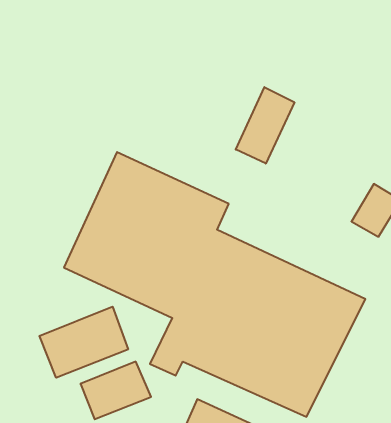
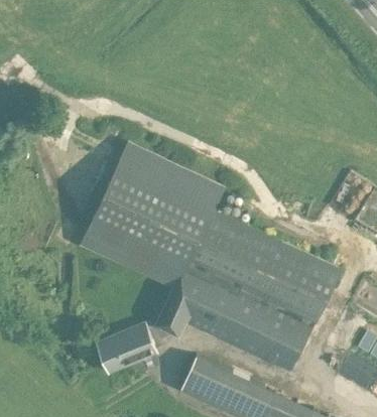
building: [236,87,294,164] -> none
building: [39,307,128,378] -> none

